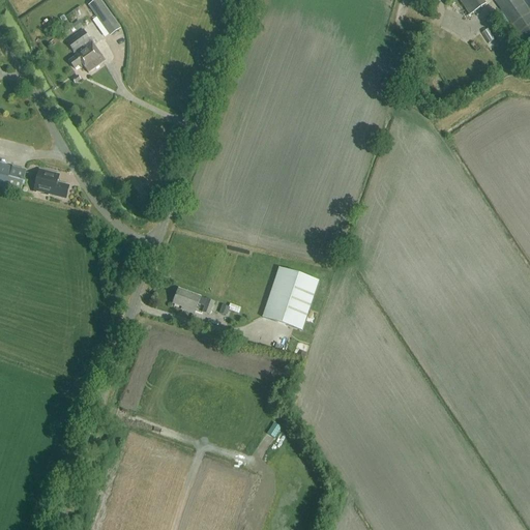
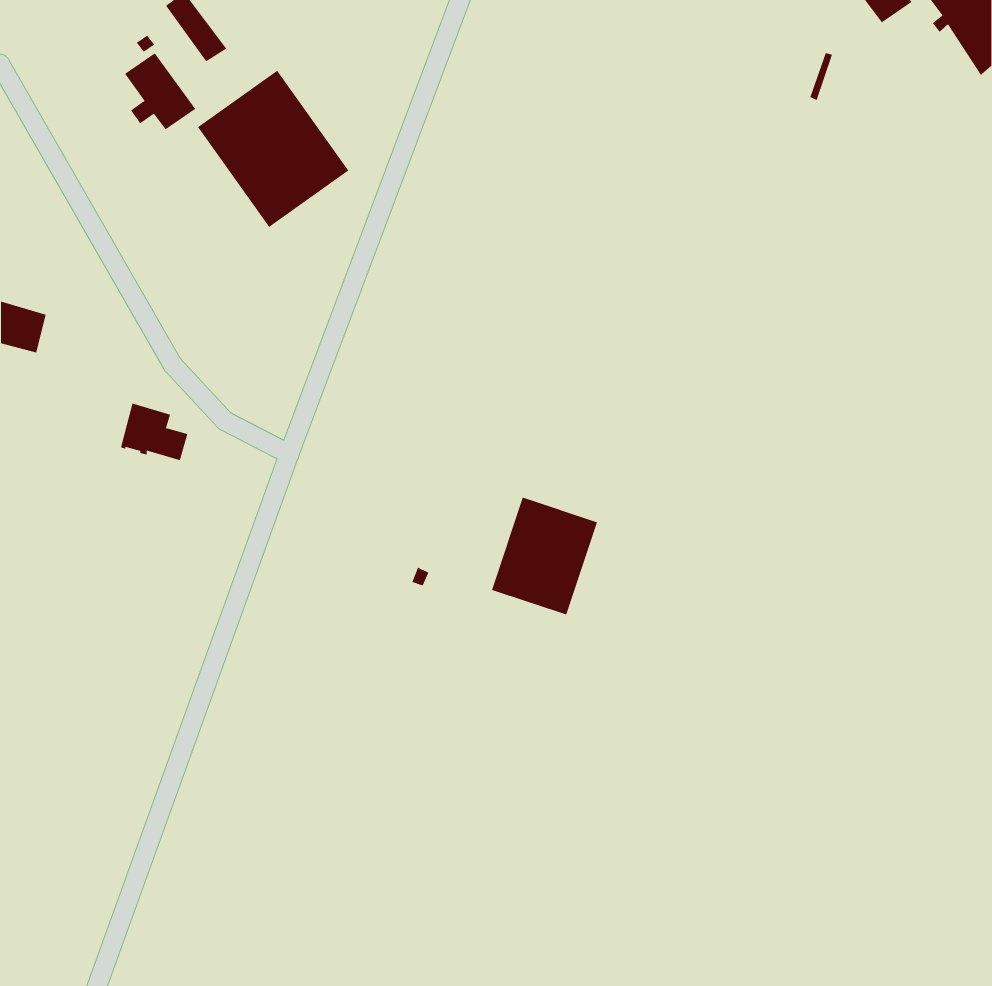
building: none -> [197,70,349,228]
building: [33,166,69,197] -> [120,403,188,461]
building: [173,287,213,312] -> none

